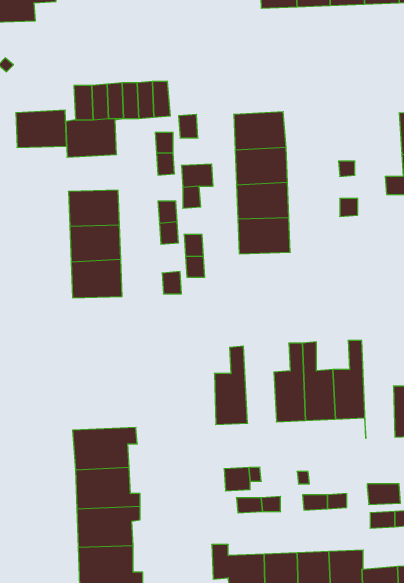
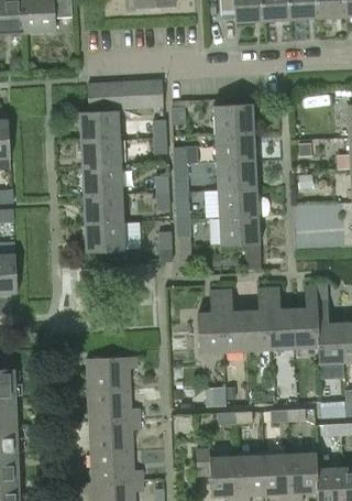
building: [16,110,67,147] -> [80,138,121,167]
building: none -> [218,216,260,247]
building: none -> [316,286,342,364]
building: none -> [221,291,248,352]

